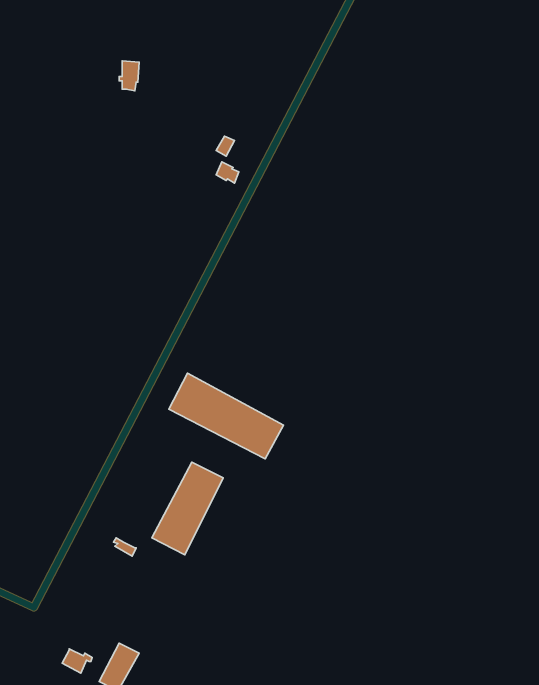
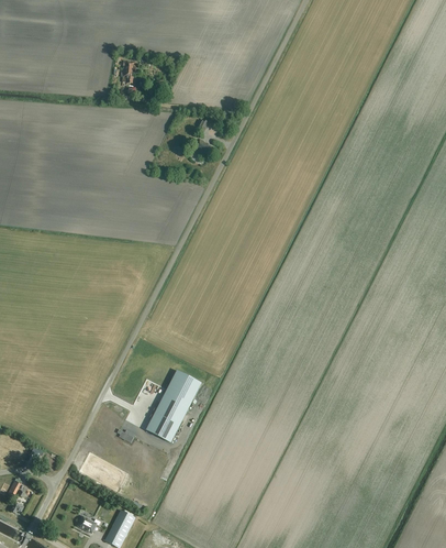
building: [169,373,284,459] -> none

